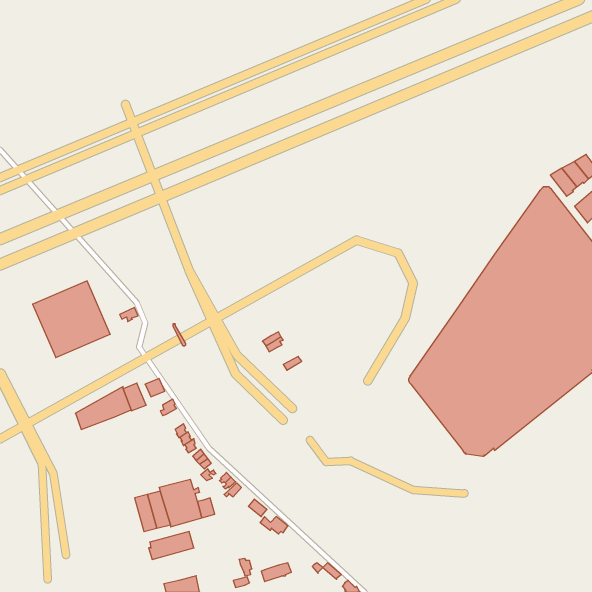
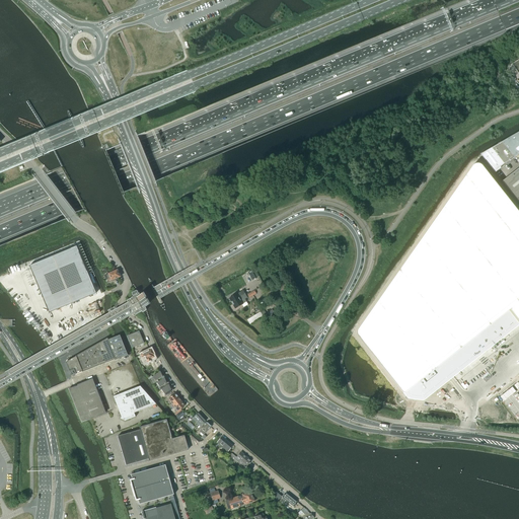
building: none -> [70,379,106,421]
building: none -> [115,385,157,420]
building: none -> [134,478,175,504]

